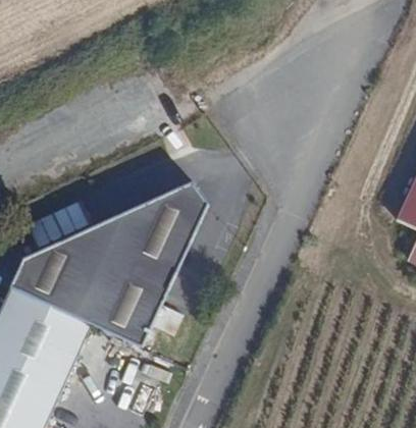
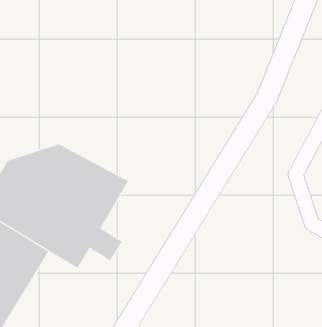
building: [105,182,203,251] -> none

